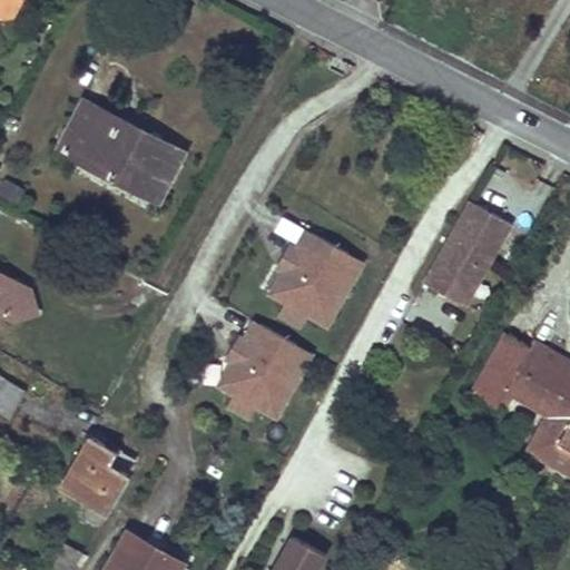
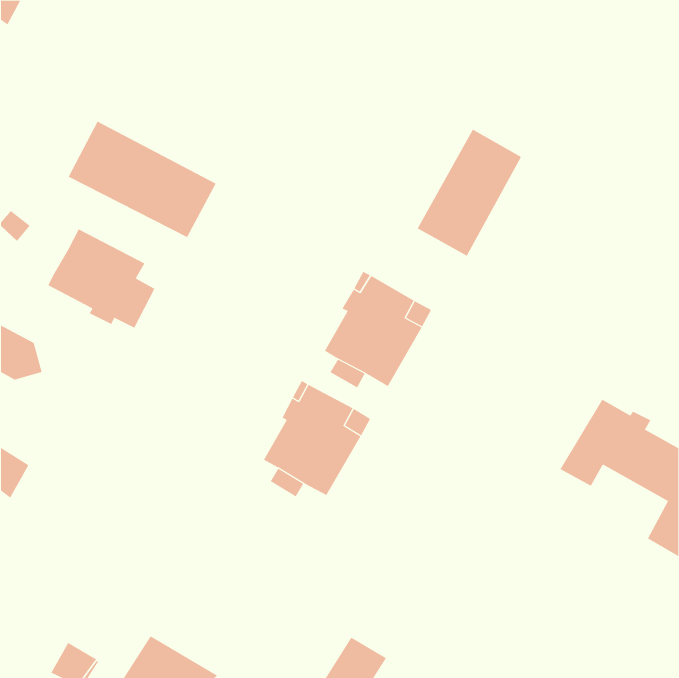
building: none -> [48,228,155,328]
building: [420,202,508,308] -> [417,129,522,256]
building: [60,436,134,527] -> none

